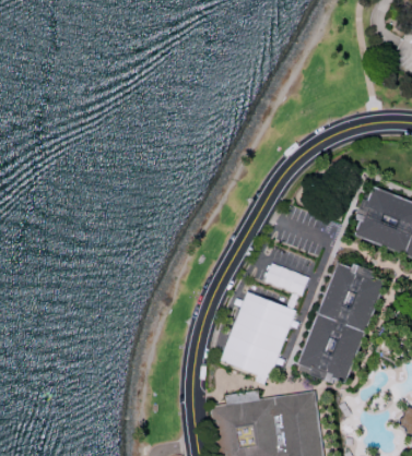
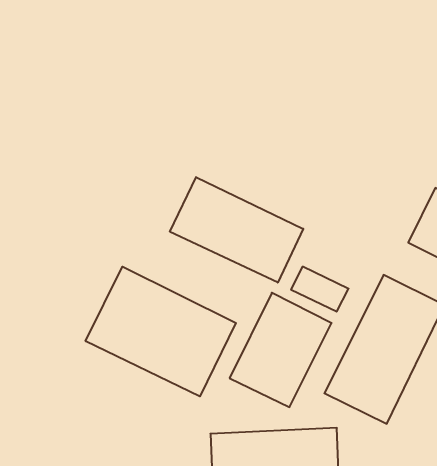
building: none -> [170,177,303,283]
building: none -> [86,267,236,396]

